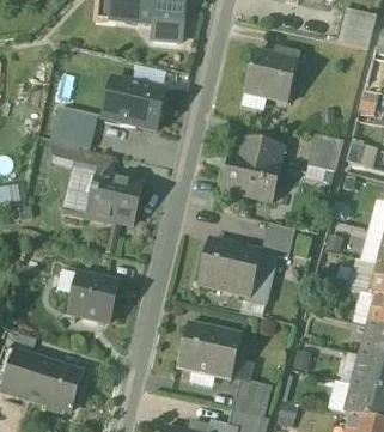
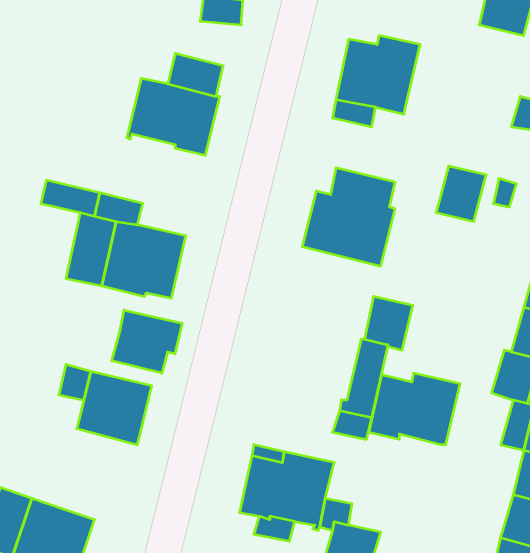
building: [50,104,98,147] -> none
building: none -> [112,310,182,373]
building: [199,244,260,292] -> [369,373,460,445]

